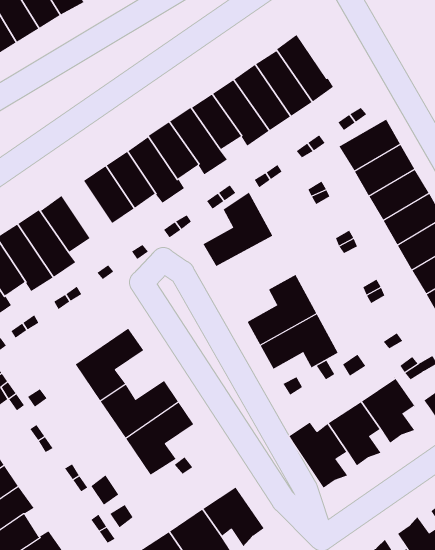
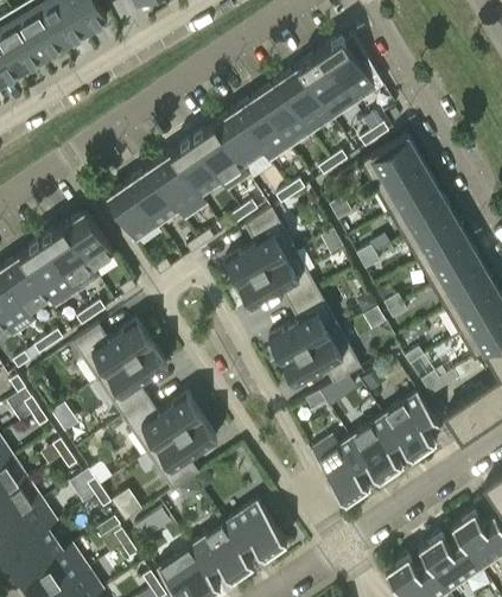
building: none -> [318,34,383,104]
building: none -> [237,253,317,307]
building: none -> [72,323,151,381]

